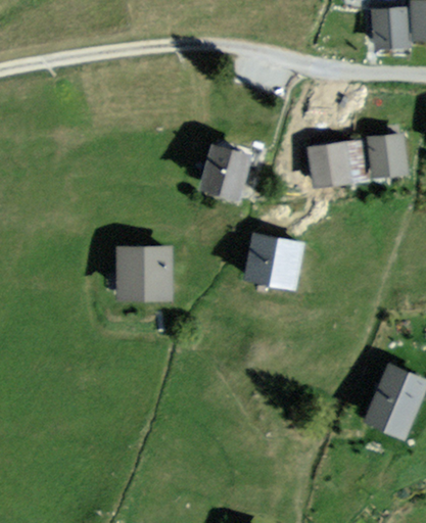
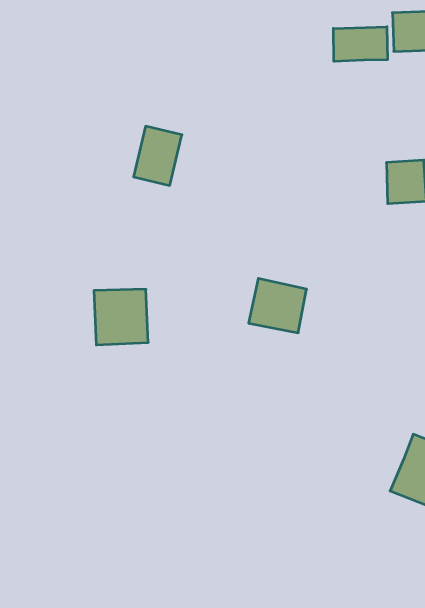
building: none -> [333,27,387,61]
building: [312,145,364,183] -> none
building: [207,148,248,198] -> [134,126,182,185]

